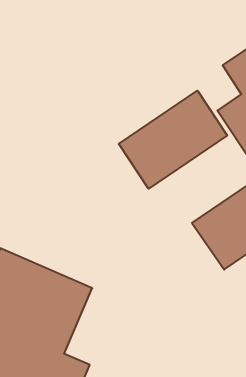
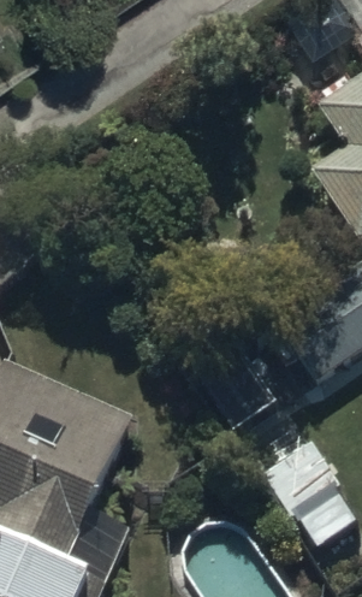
building: [119,91,227,189] -> none

